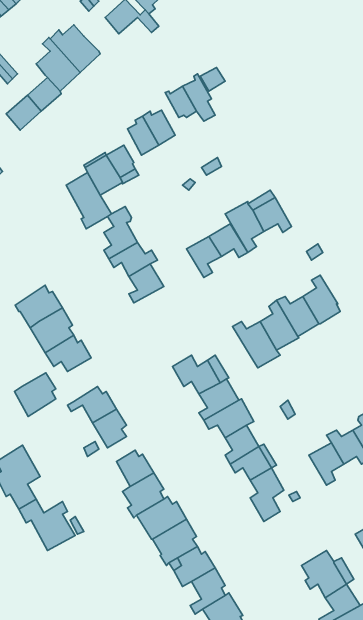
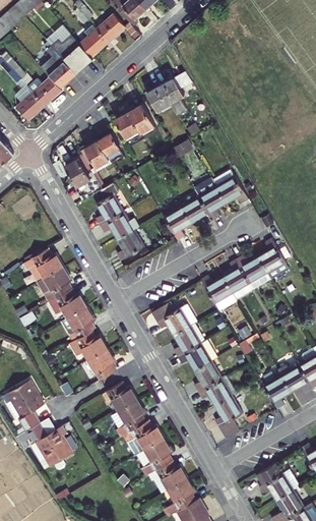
building: none -> [79,24,108,56]
building: [14,373,56,416] -> [60,305,93,341]

